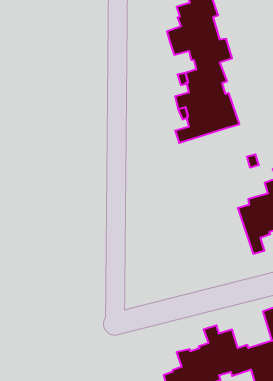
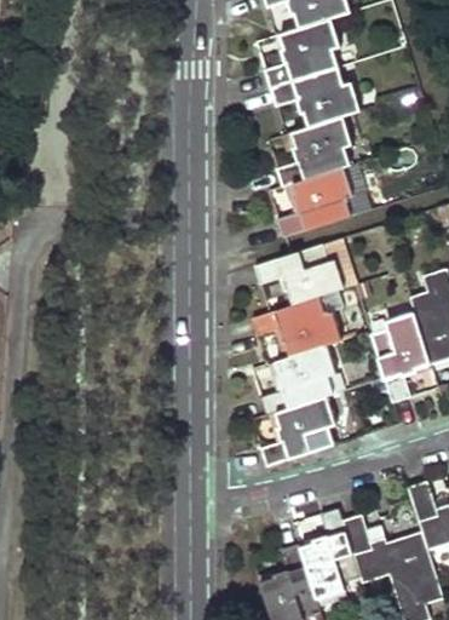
building: none -> [251,239,355,466]

